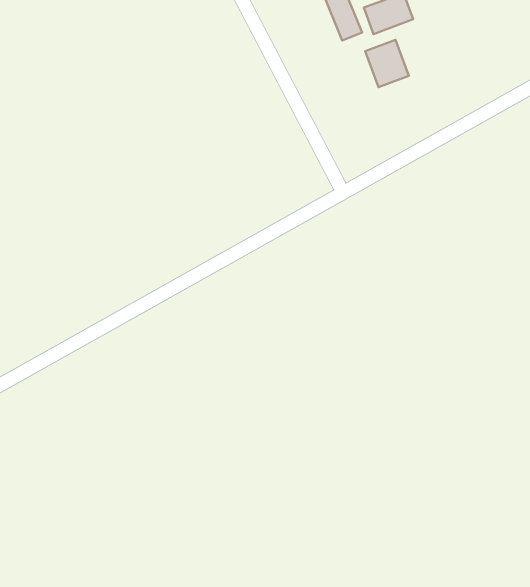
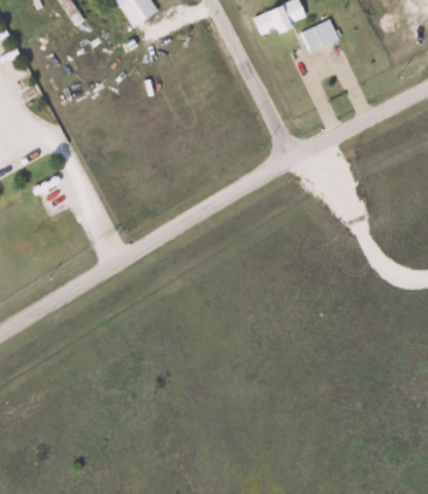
building: [365,40,409,87] -> none

